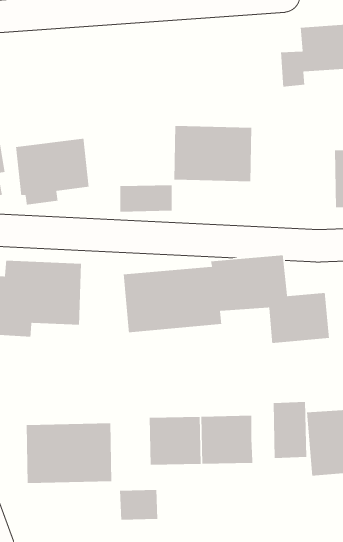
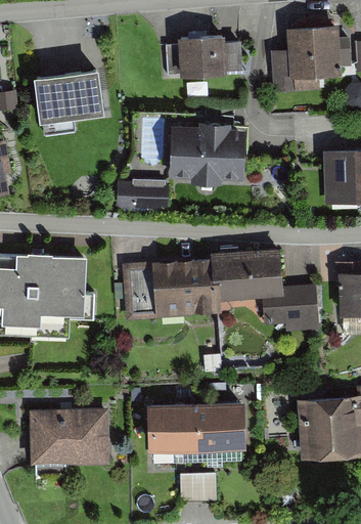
building: none -> [176,37,242,82]
building: [15,138,90,206] -> [34,67,104,131]
building: [273,401,307,459] -> none
building: [119,489,158,520] -> [180,473,217,503]

